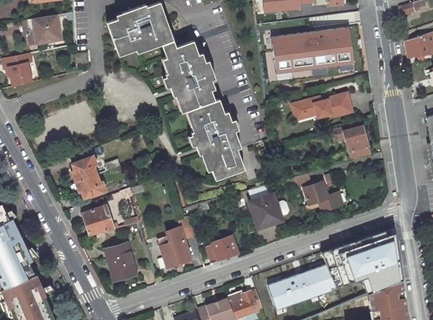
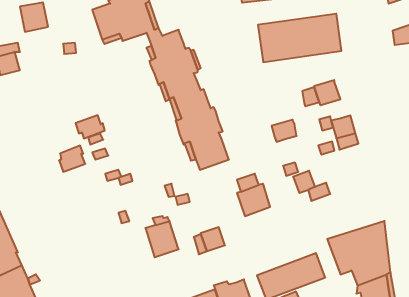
building: [292,98,317,120] -> [272,120,297,142]
building: [77,174,106,197] -> [76,115,105,138]
building: [84,206,115,235] -> none
building: [107,243,136,280] -> none

